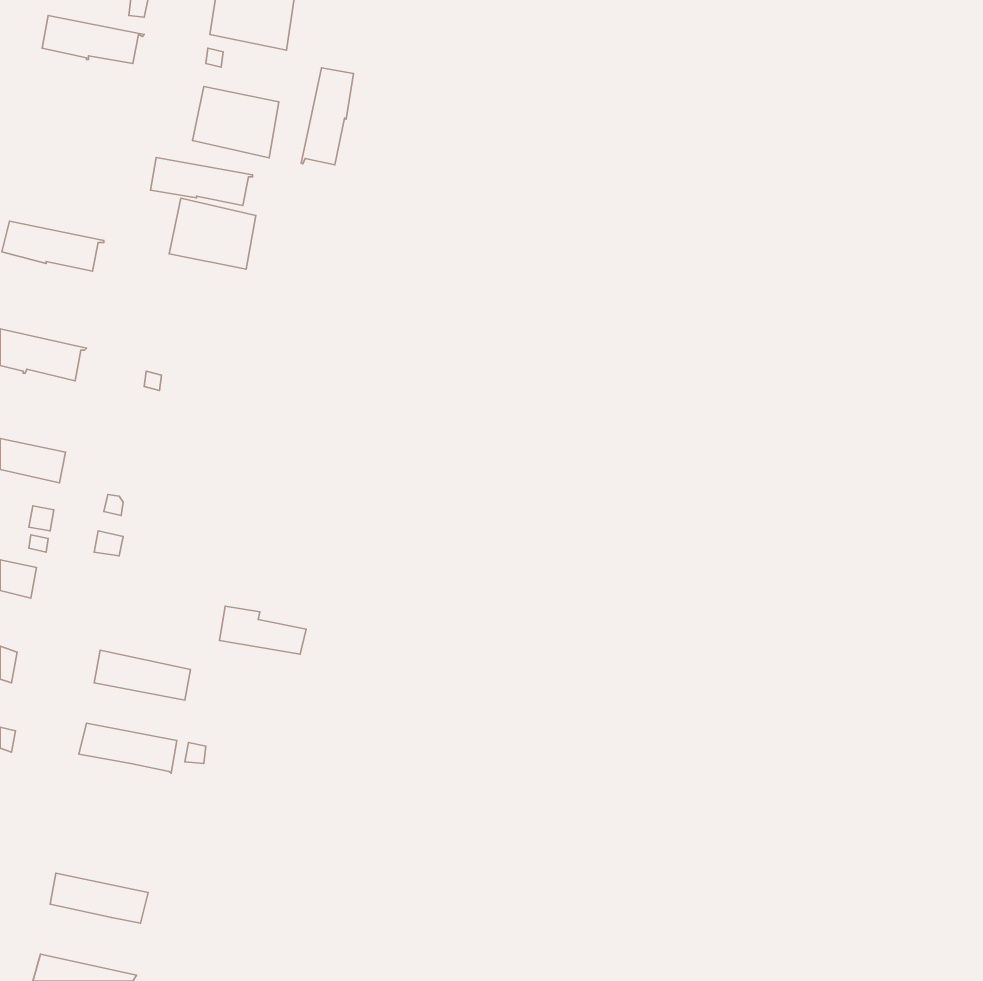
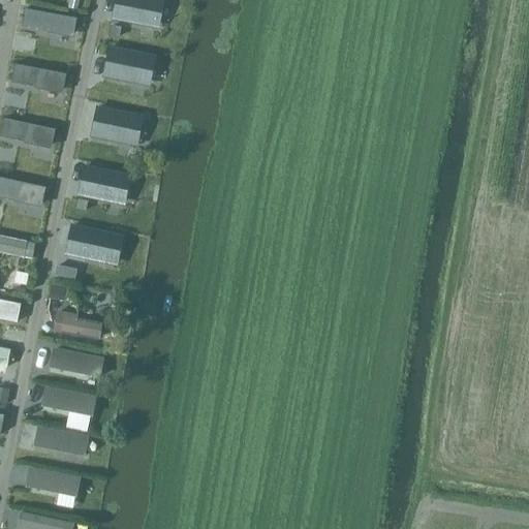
building: [301,68,354,165] -> none
building: [150,158,252,206] -> [11,64,66,90]
building: none -> [79,165,125,204]
building: none -> [65,225,113,262]
building: [220,606,306,654] -> [56,312,102,338]
building: none -> [35,428,88,455]

